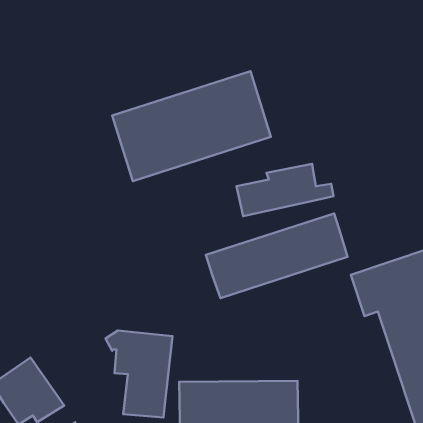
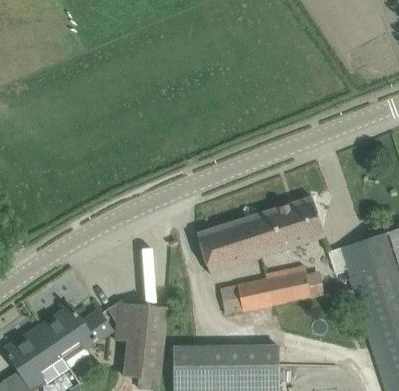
building: [112,71,271,181] -> none
building: [236,164,334,216] -> [237,265,324,312]
building: none -> [40,306,113,369]

